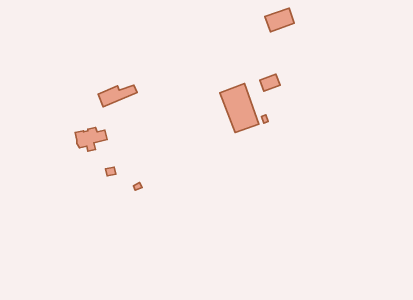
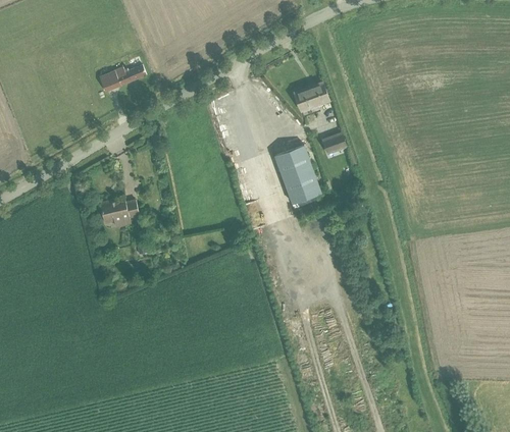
building: [265,8,294,32] -> [294,82,329,110]
building: [98,85,137,107] -> [99,65,146,92]

